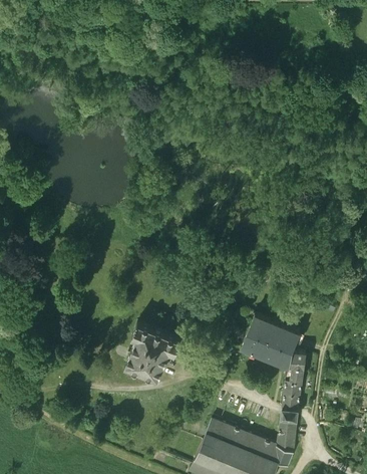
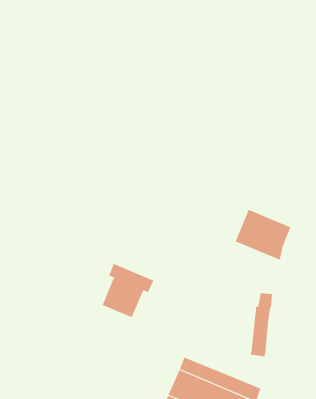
building: [241,315,300,369] -> [235,209,291,260]
building: [278,420,297,455] -> none

